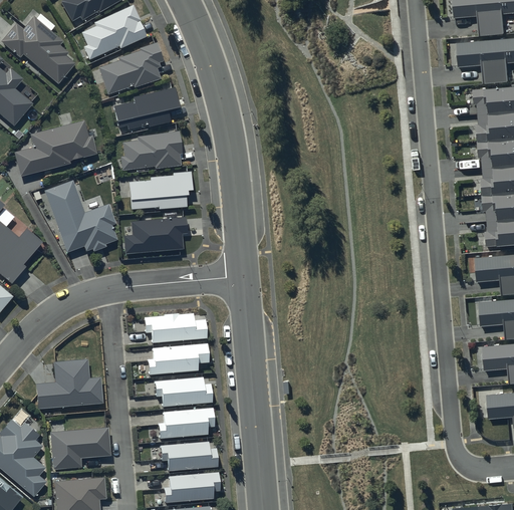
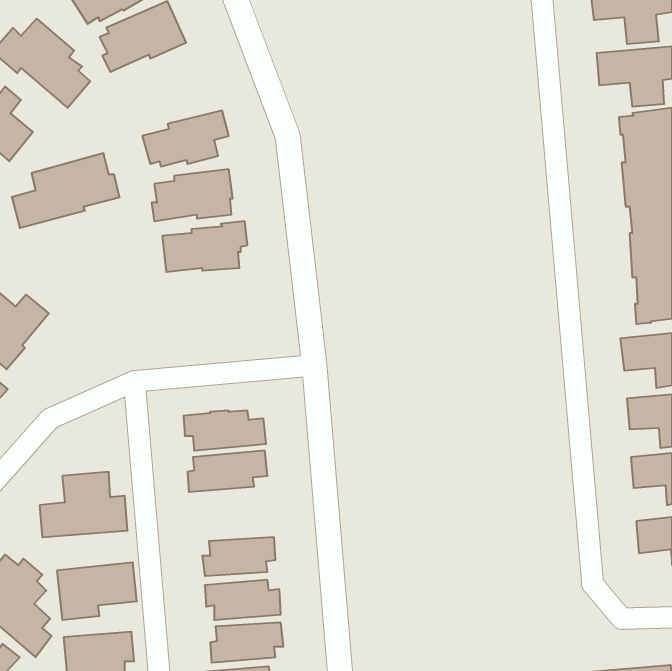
building: [98,42,163,94] -> none
building: [44,182,116,253] -> none
building: [124,218,187,253] -> none
building: [155,376,212,407] -> none

